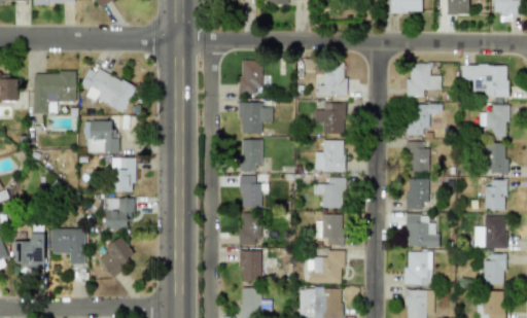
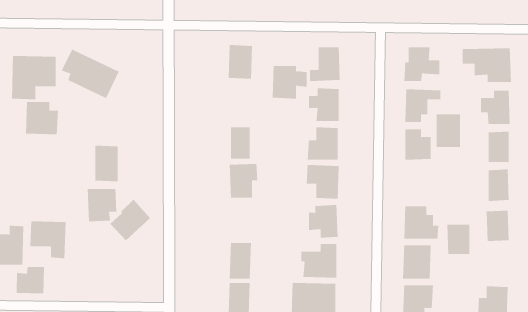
building: [239,102,273,134] -> [272,65,308,99]
building: [87,121,119,153] -> [25,101,59,135]
building: [407,178,430,210] -> [436,114,461,147]
building: [240,213,261,245] -> none
building: [98,237,137,277] -> [109,199,151,241]
building: [483,256,505,285] -> [446,224,470,254]
building: none -> [16,266,45,294]

